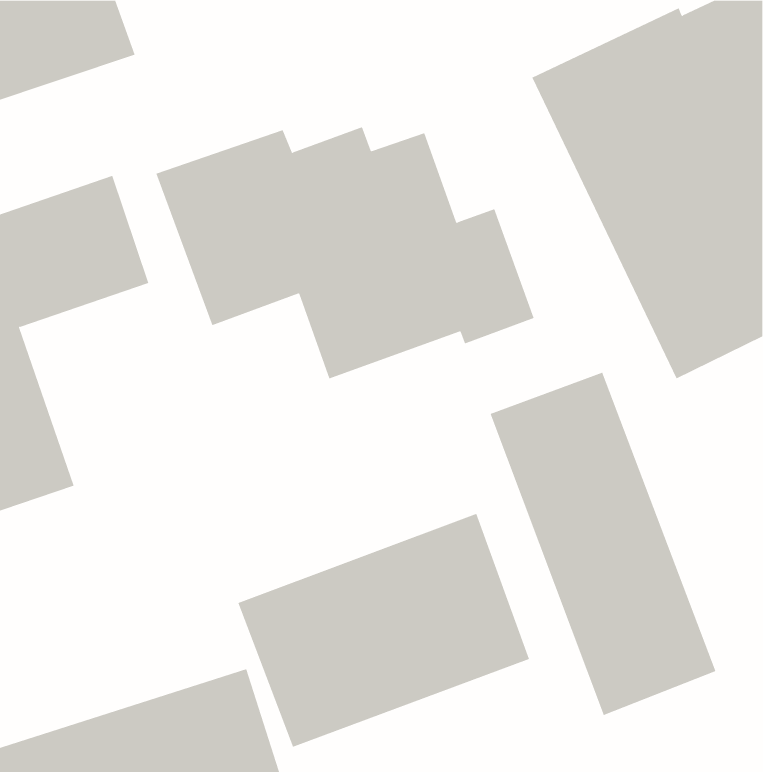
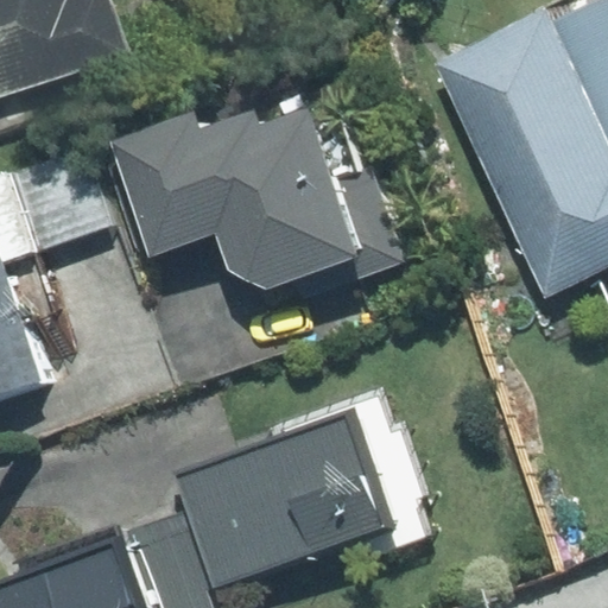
building: [490,372,716,716] -> none

